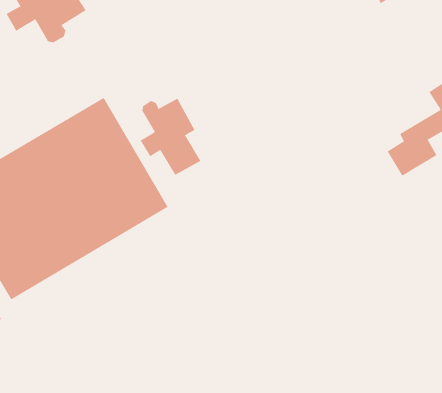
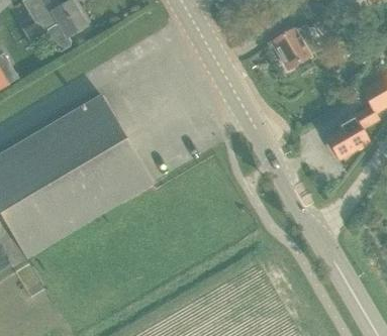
building: none -> [271,22,320,69]
building: [140,98,201,176] -> none

